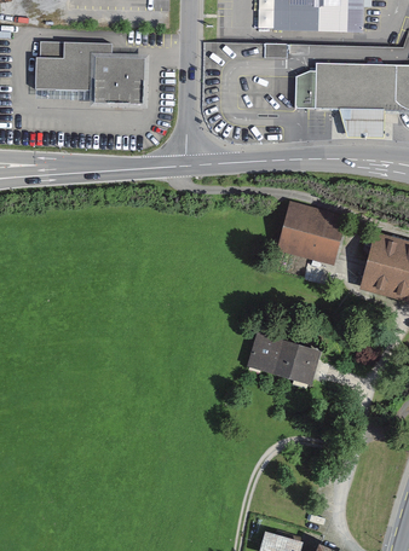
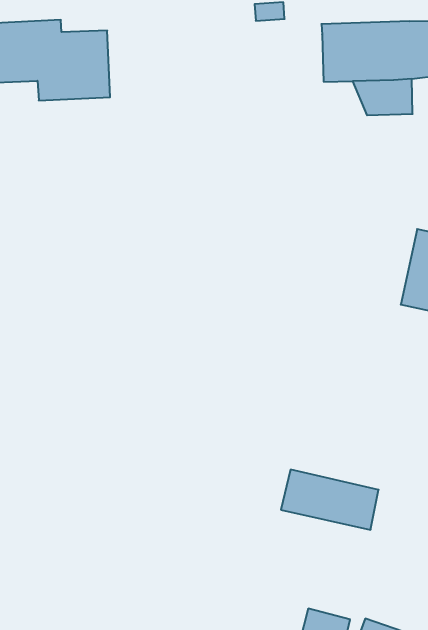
building: [292,69,313,108] -> none
building: [278,199,346,263] -> none
building: [243,331,322,383] -> [281,470,379,530]

